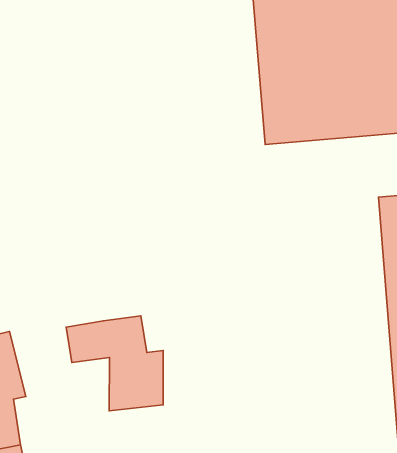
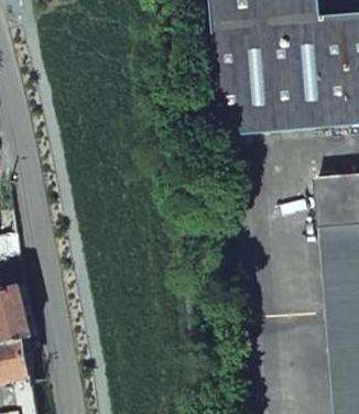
building: [66,316,163,411] -> none

